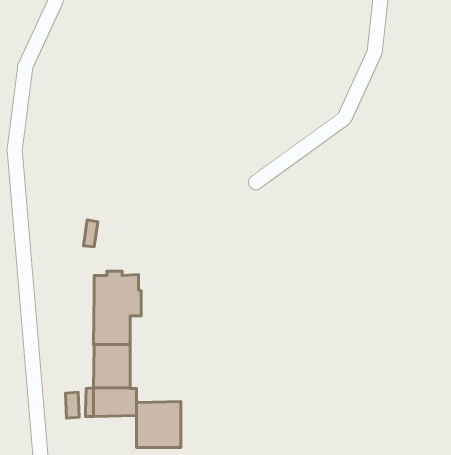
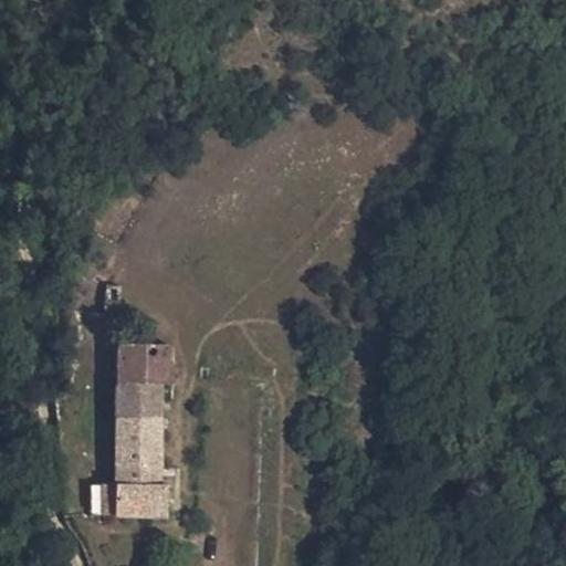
building: [137,401,181,447] -> none

